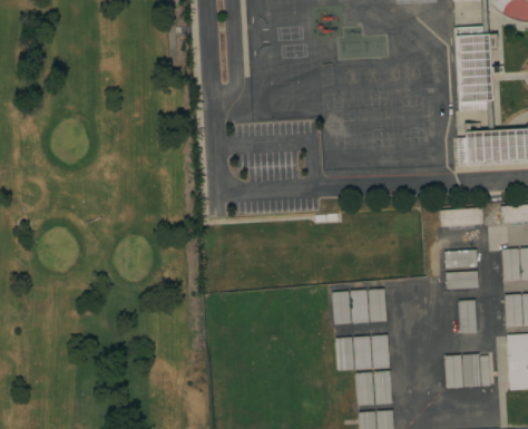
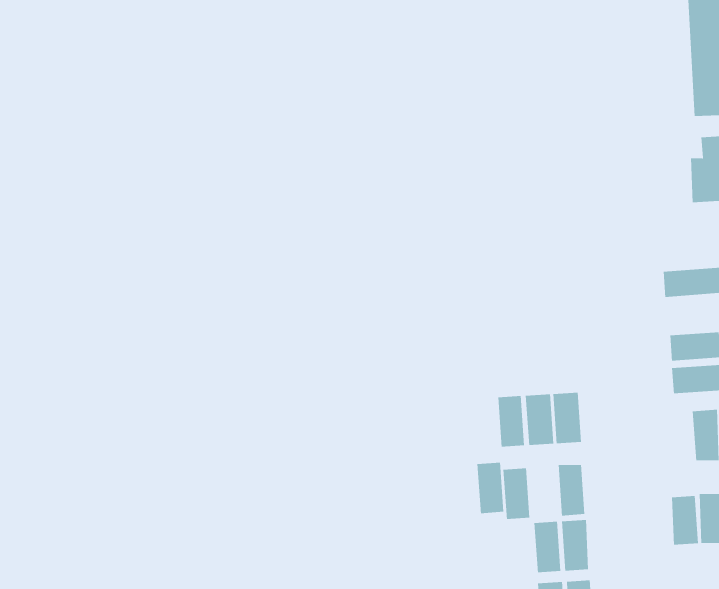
building: [354,337,372,370] -> [477,462,504,514]

